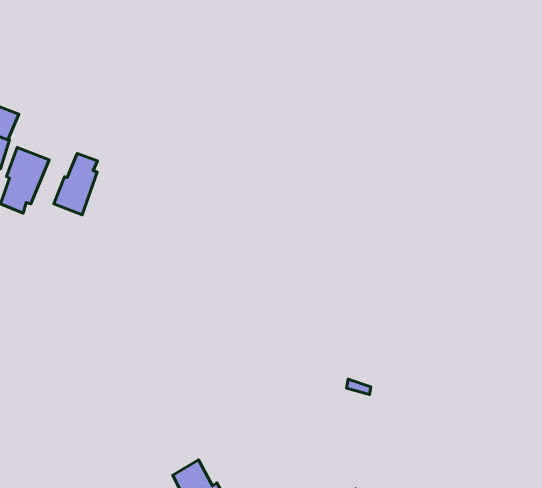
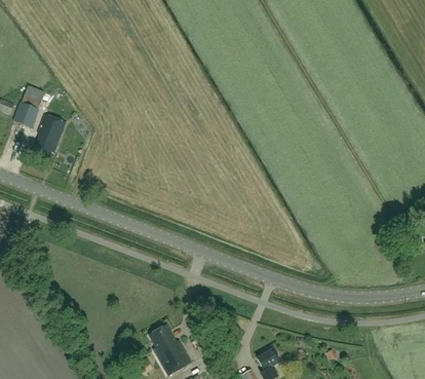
building: [54,154,98,215] -> none

